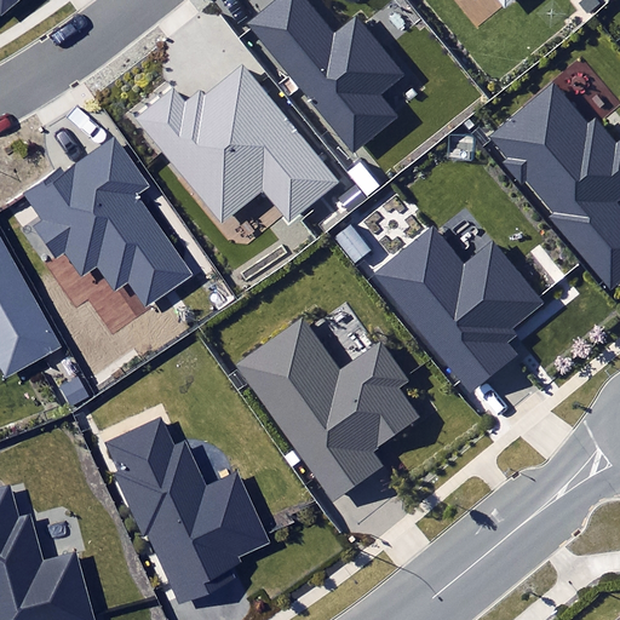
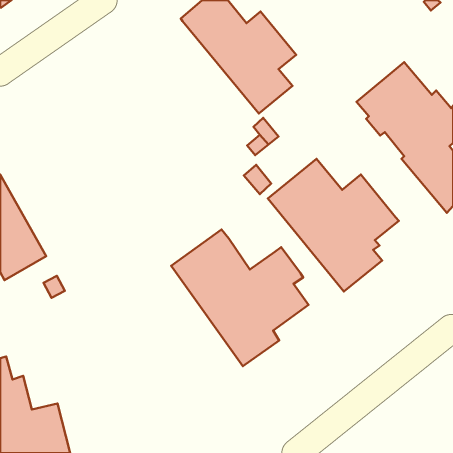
building: [134,62,343,224] -> none
building: [22,139,188,304] -> none
building: [104,417,268,601] -> none

